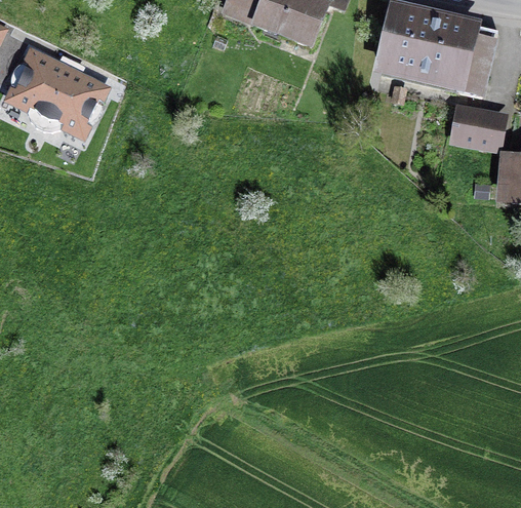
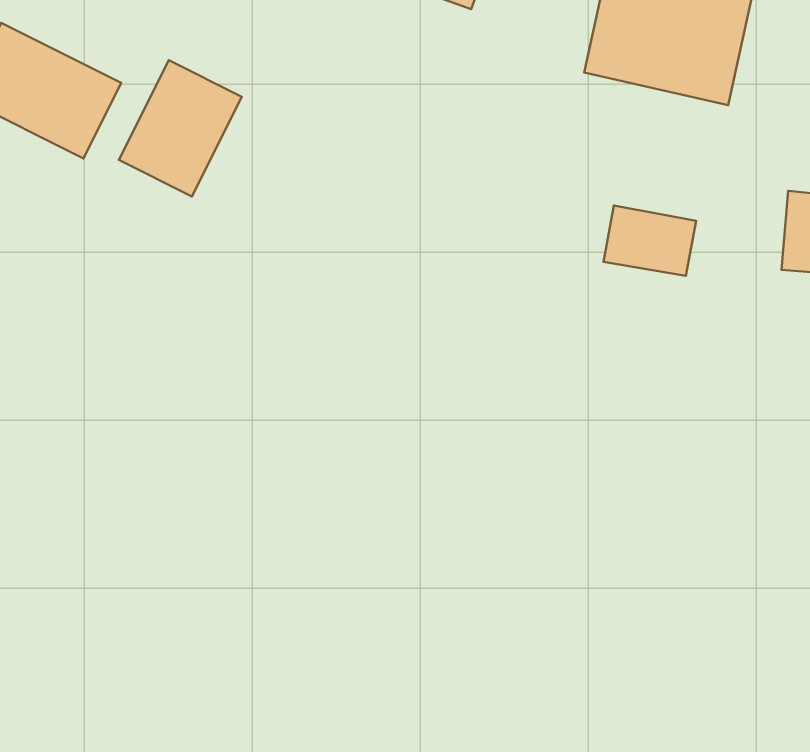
building: none -> [119,60,242,196]
building: [448,106,504,148] -> [604,205,696,276]

